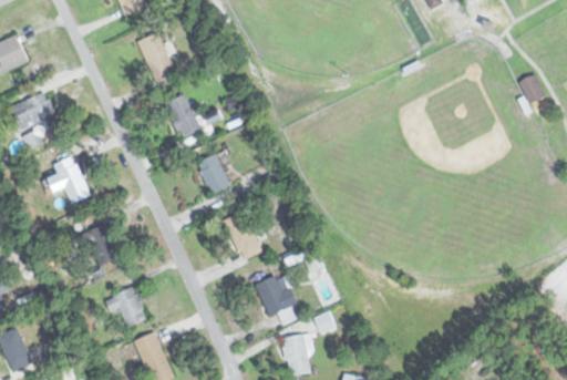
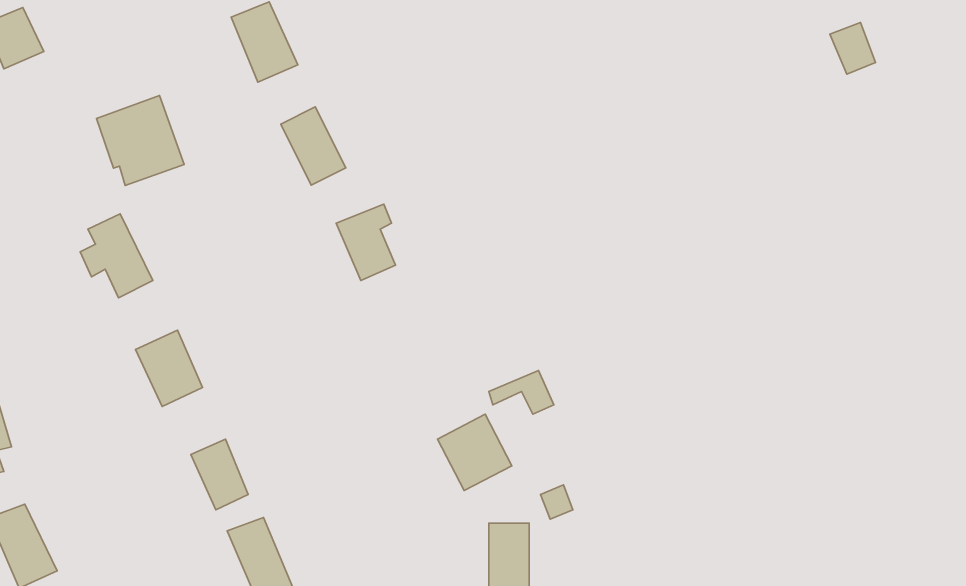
building: [518,74,545,104] -> [830,23,876,74]
building: [9,93,60,145] -> [96,96,184,185]
building: [225,210,261,260] -> none

